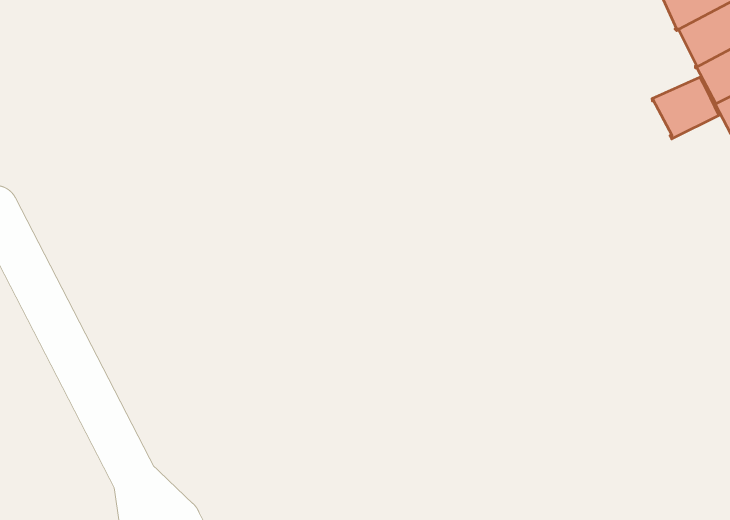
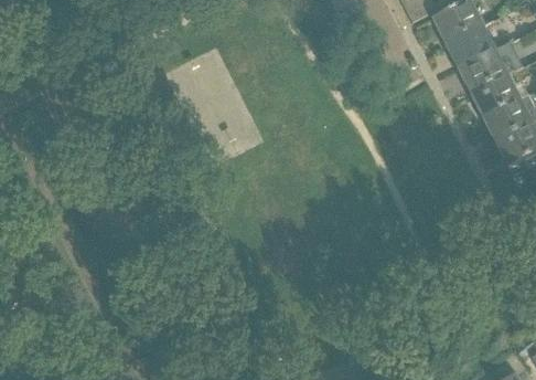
building: [652,77,719,139] -> none

